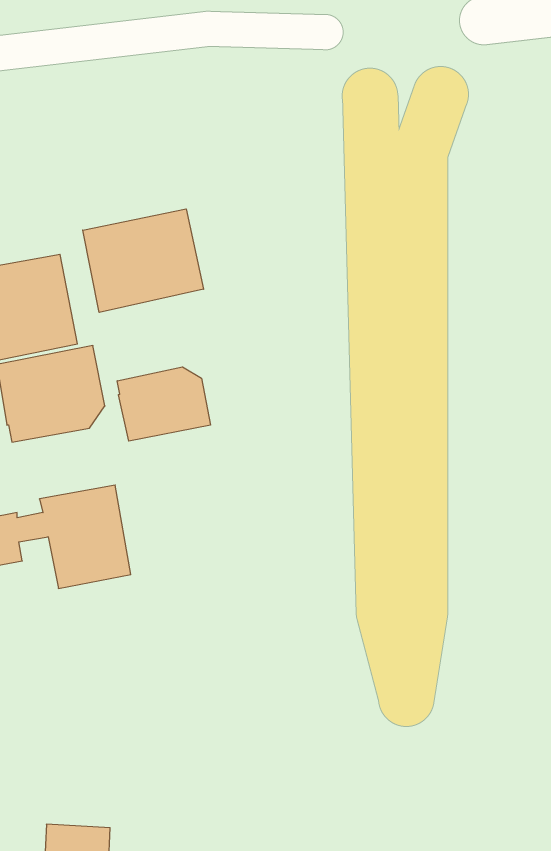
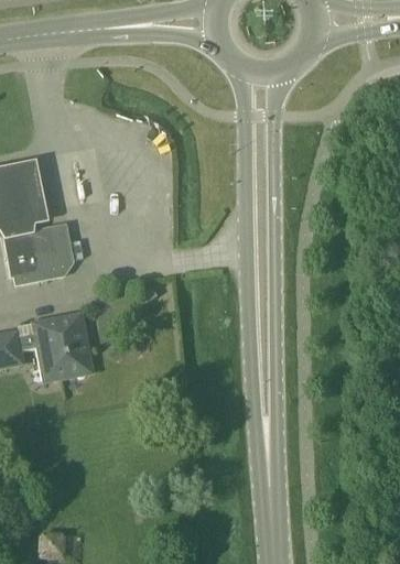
building: [83,209,204,312] -> none
building: [117,367,210,441] -> none

